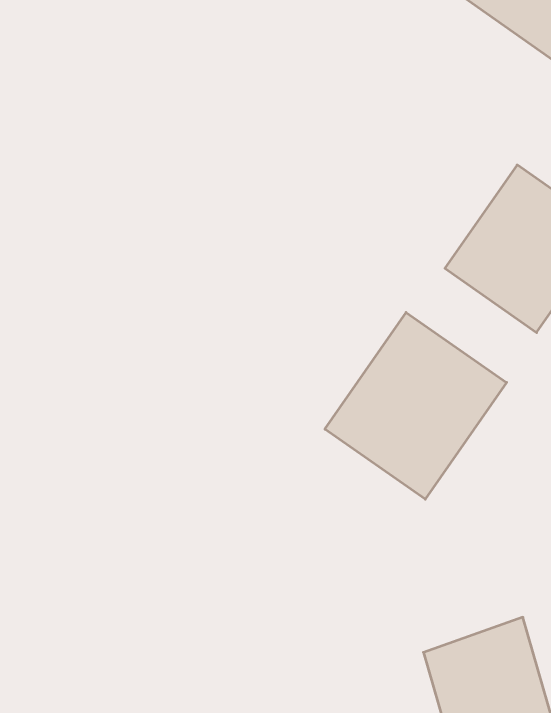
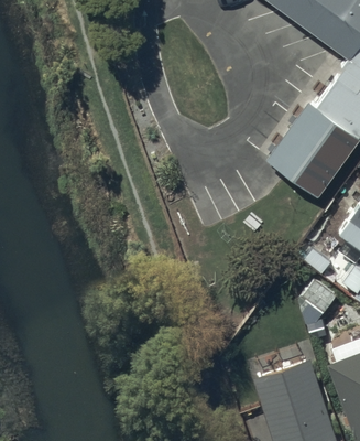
building: [325,312,507,499] -> none

